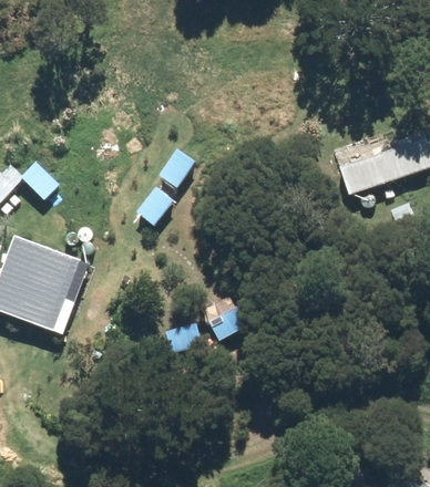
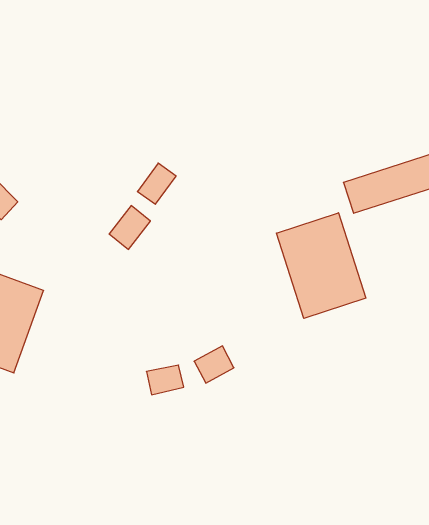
building: none -> [276,213,366,318]

